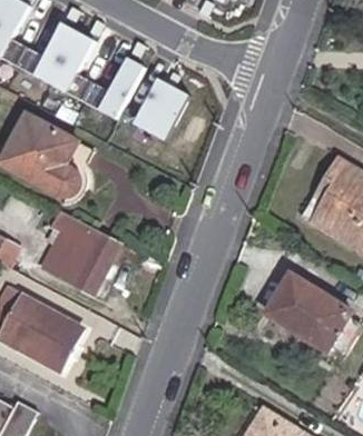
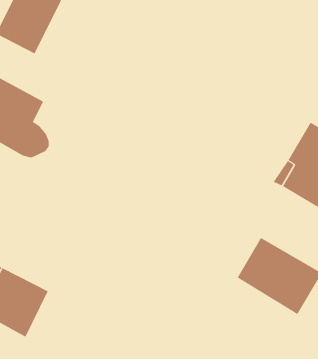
building: [96,54,147,119] -> none
building: [133,80,188,143] -> none
building: [50,219,120,293] -> none

